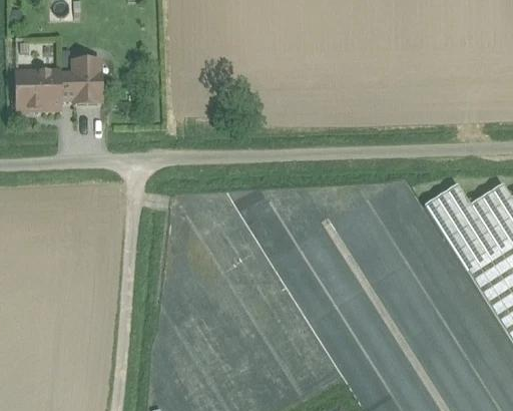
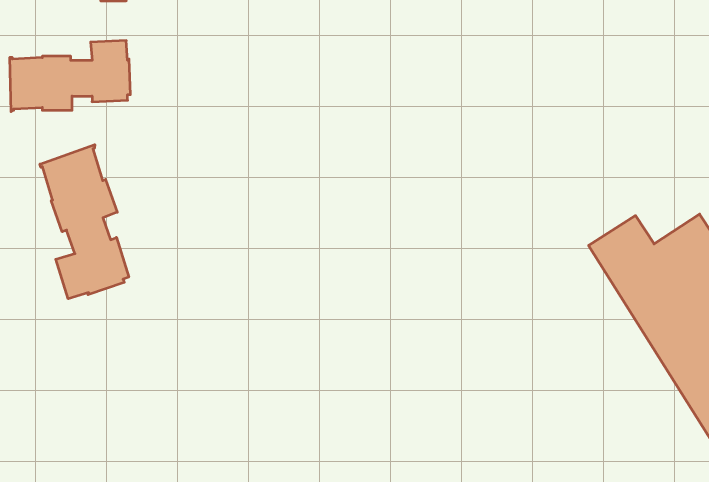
building: none -> [40,145,129,299]

